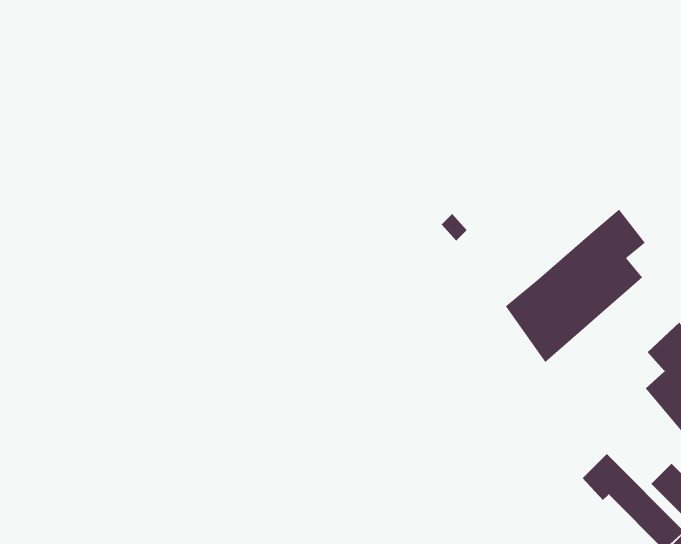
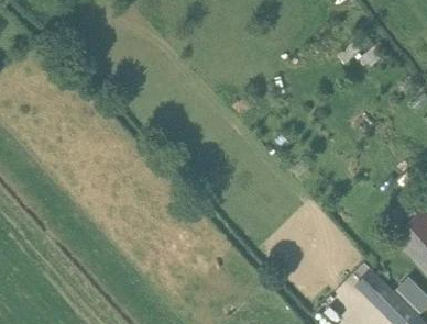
building: [505,209,646,363] -> none

